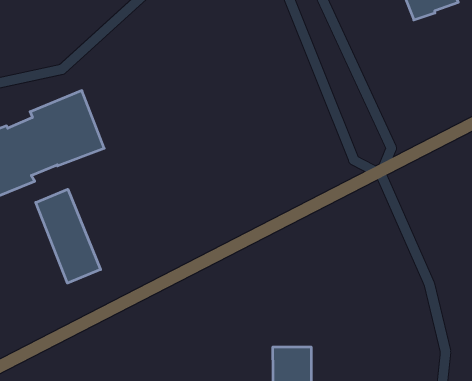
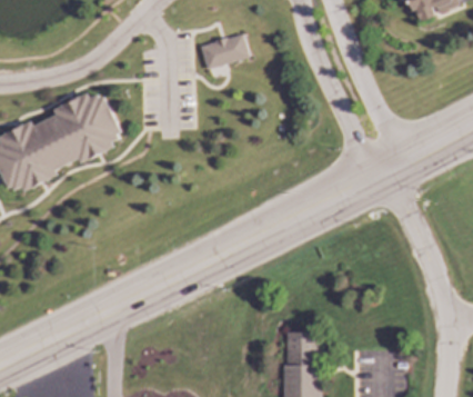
building: none -> [200,33,250,69]
building: [36,189,101,283] -> none

